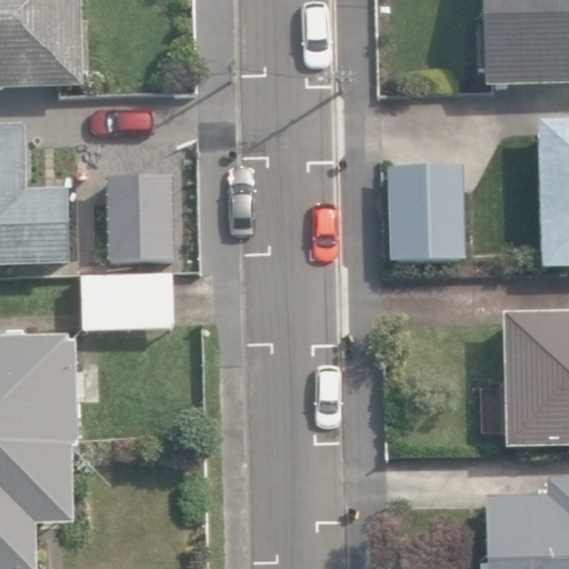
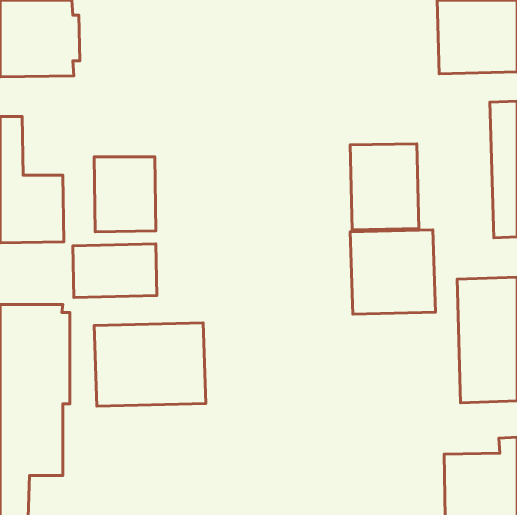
building: none -> [350,230,436,314]
building: none -> [94,323,206,406]

